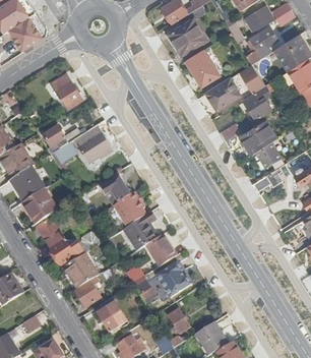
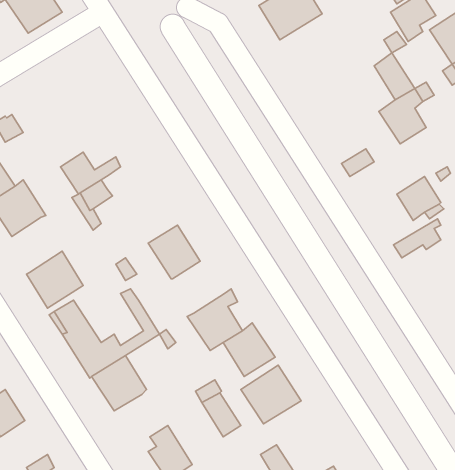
building: [184,49,219,86] -> none
building: [51,73,82,109] -> none
building: [204,77,240,110] -> none
building: [239,120,275,155] -> none
building: [73,124,112,165] -> none
building: [9,166,45,200] -> none
building: [113,191,145,226] -> none
building: [73,277,100,306] -> none

